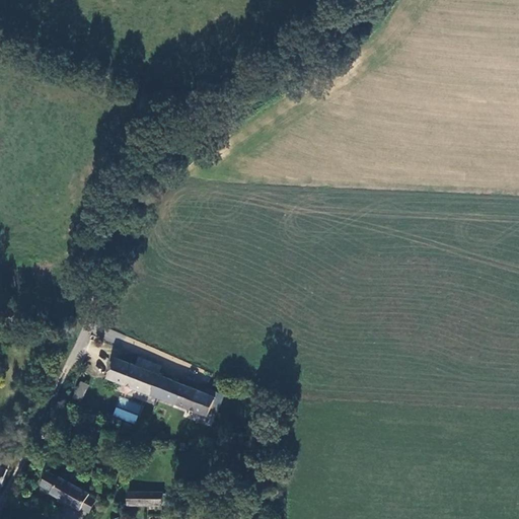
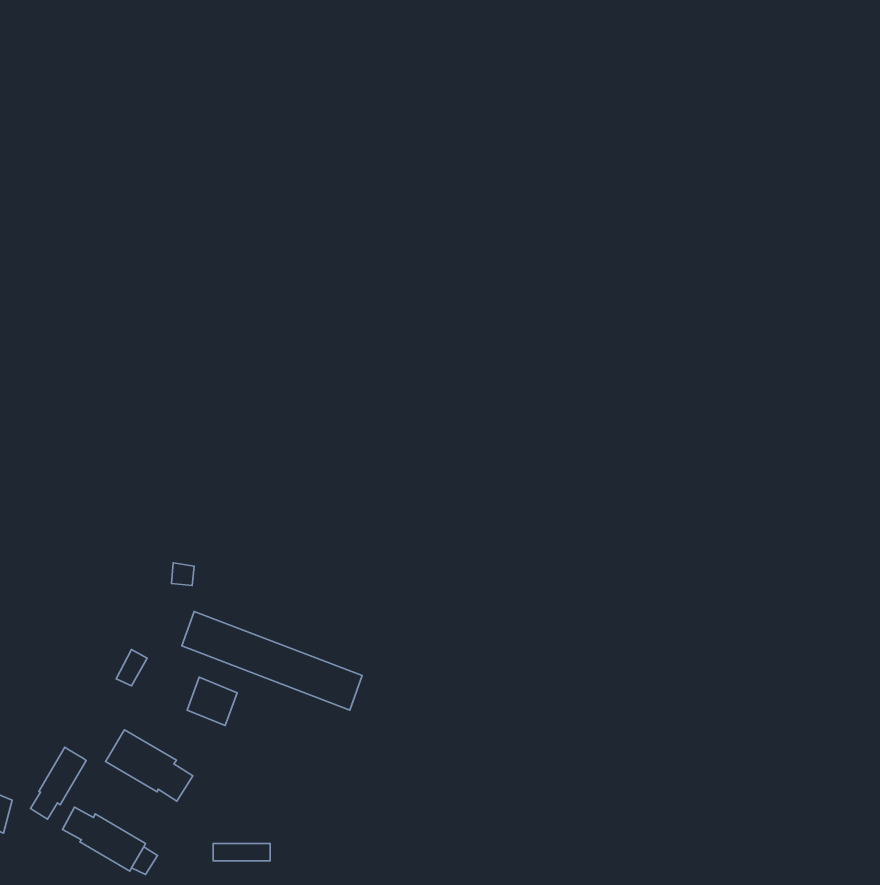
building: none -> [105,730,193,801]
building: none -> [30,747,86,819]

